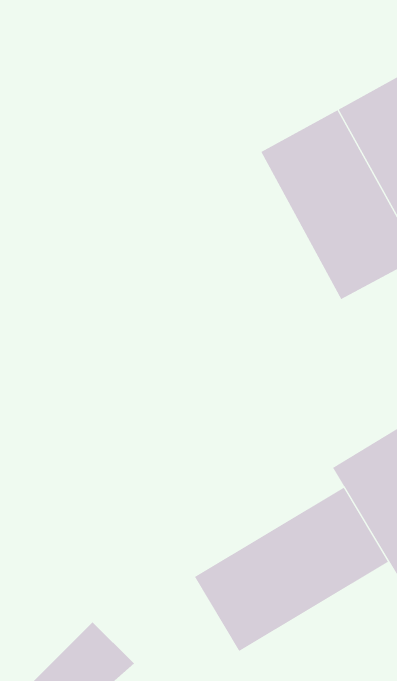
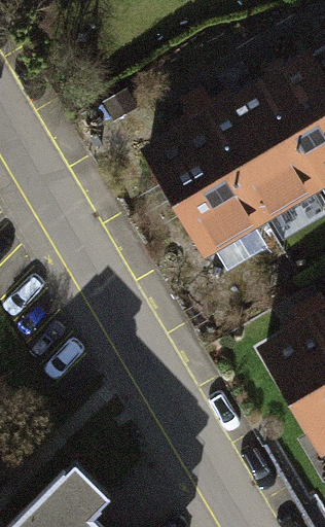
building: none -> [144,121,261,261]
building: [194,487,389,652] -> none

